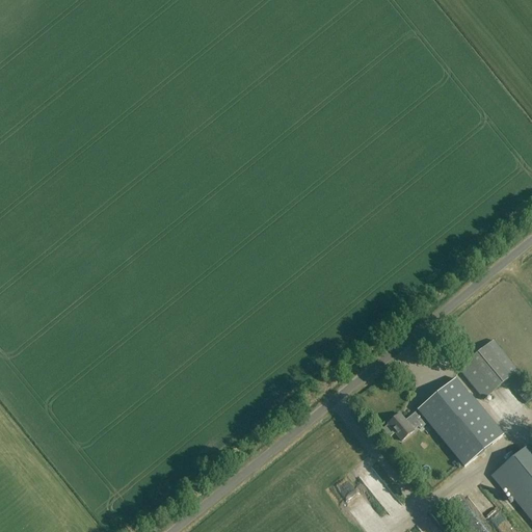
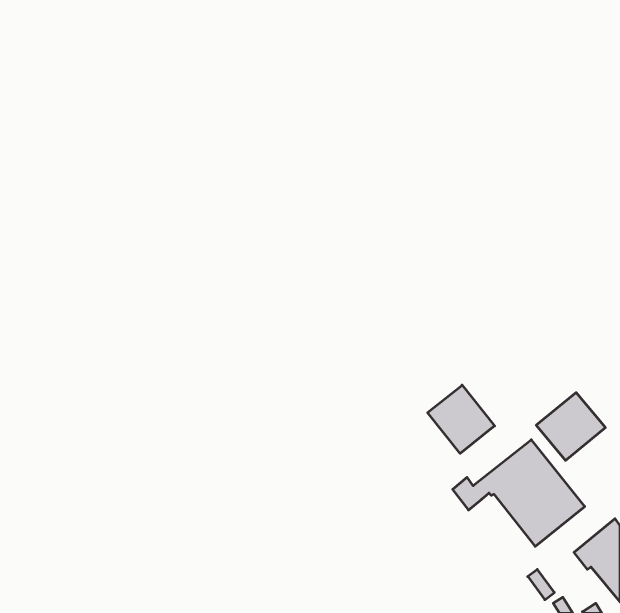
building: none -> [428,385,495,453]

